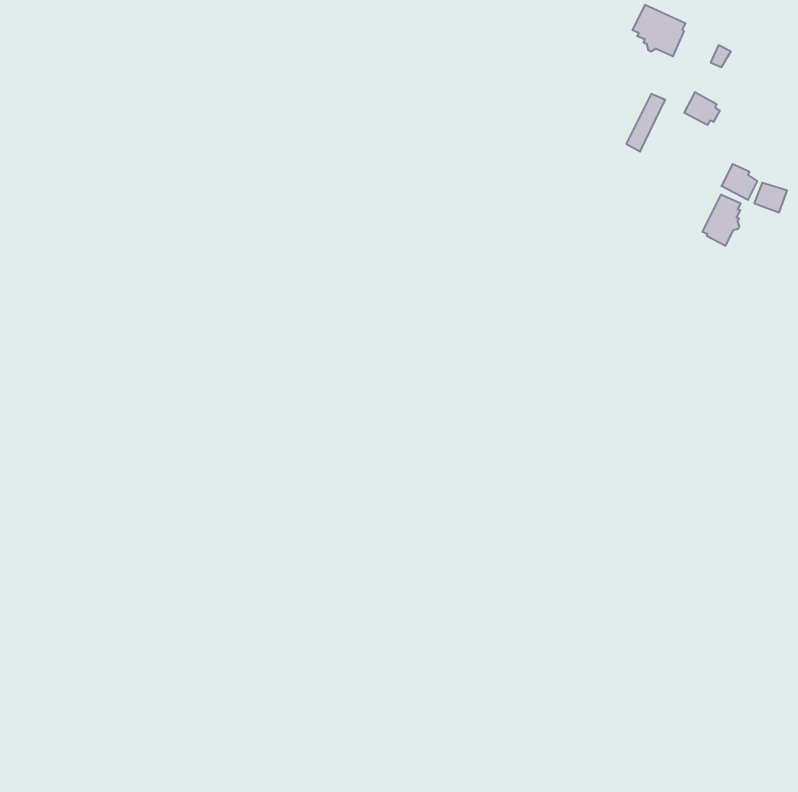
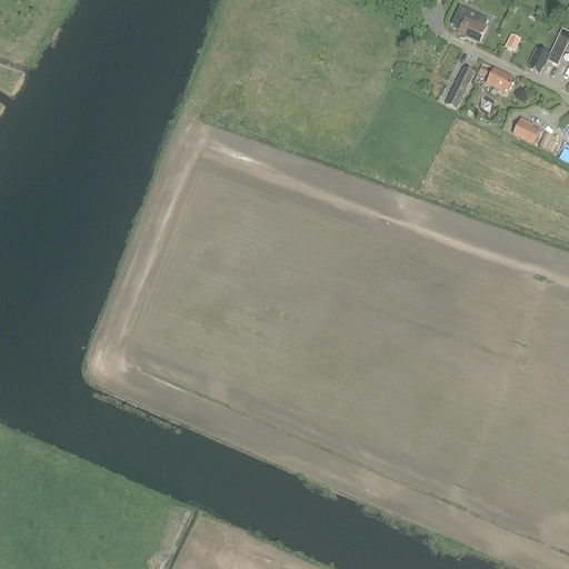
building: none -> [529,44,563,71]
building: [702,194,741,246] -> none

